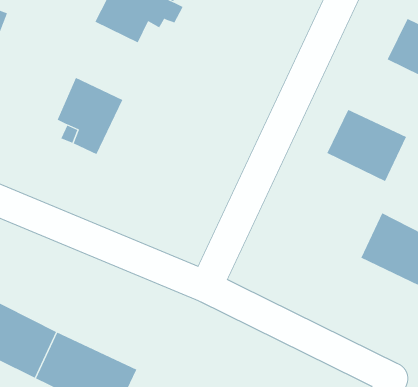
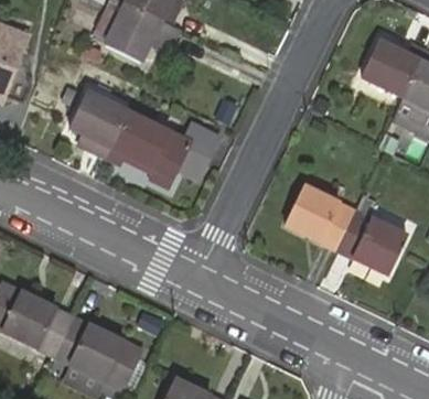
building: none -> [106,110,195,190]
building: [326,109,407,182] -> [286,185,356,249]

